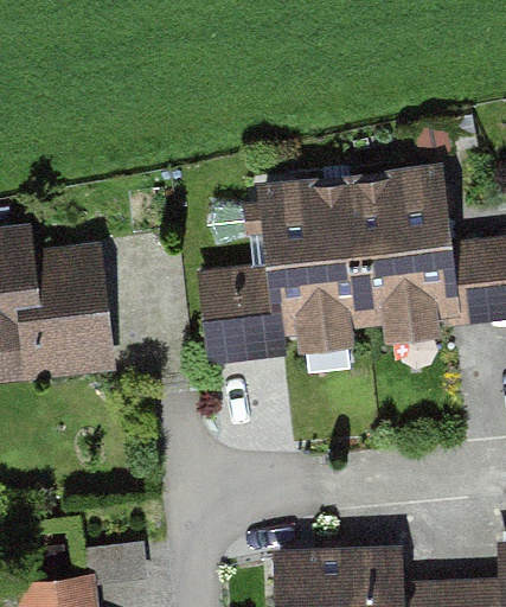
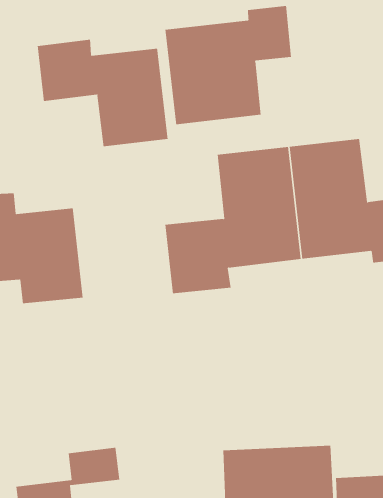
building: none -> [165,5,291,125]
building: none -> [37,39,168,147]

